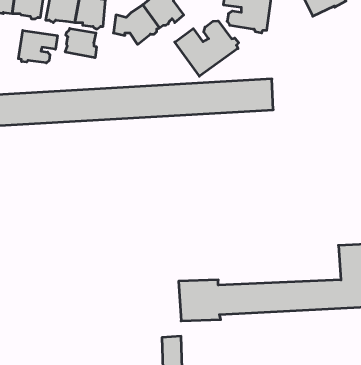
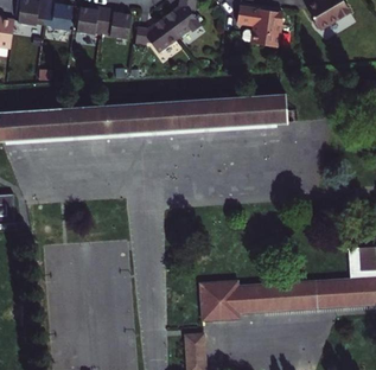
building: [175,21,239,76] -> none
building: [65,28,96,58] -> none
building: [18,30,57,63] -> none

